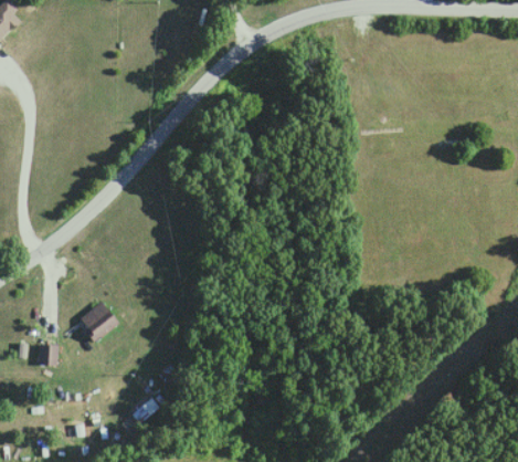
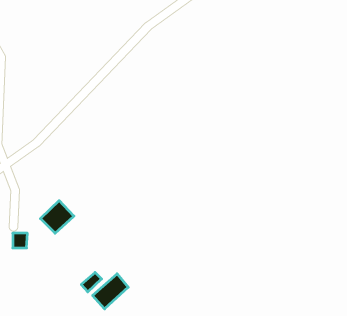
building: none -> [93,274,128,309]

